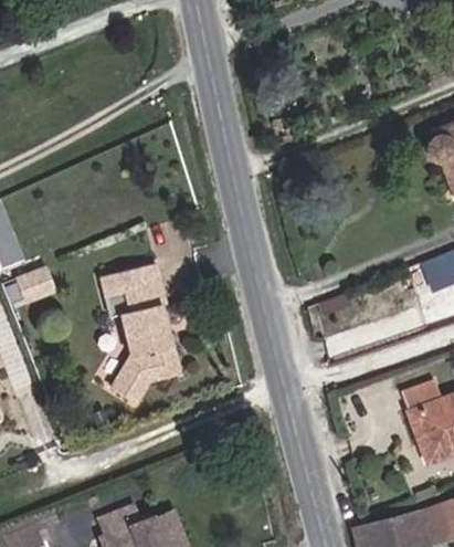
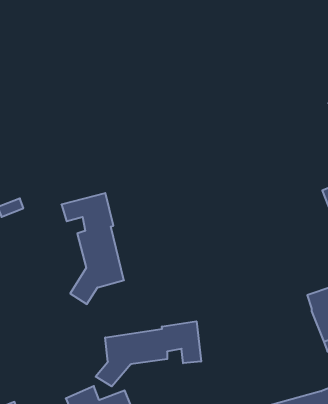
building: none -> [96,321,201,386]

